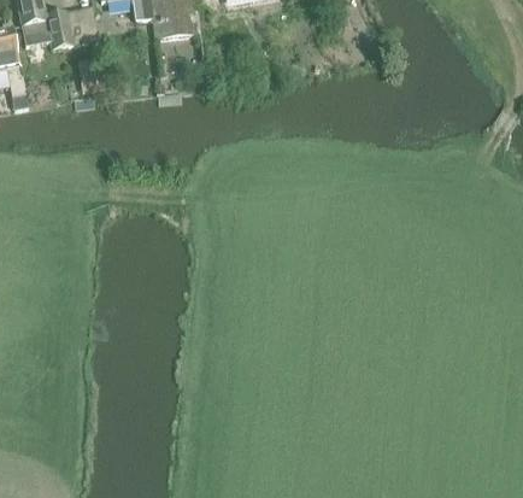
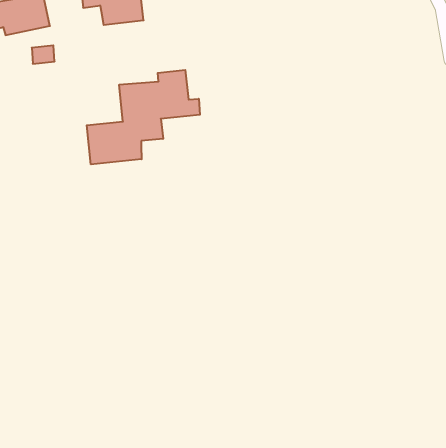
building: none -> [87,70,200,164]

